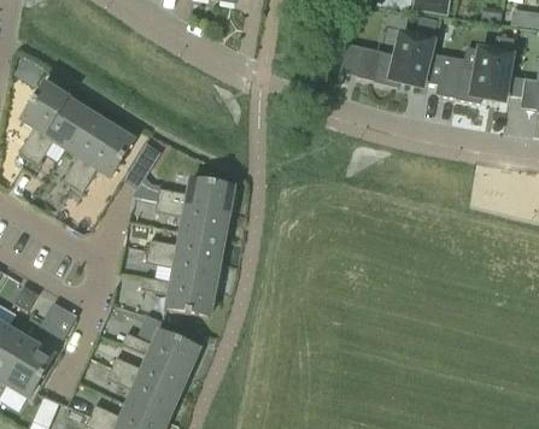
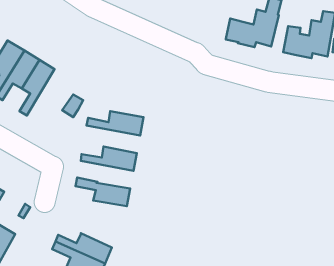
building: [70,117,134,190] -> none
building: [153,198,233,237] -> none
building: [145,248,223,288] -> none
building: [121,328,203,372] -> none

